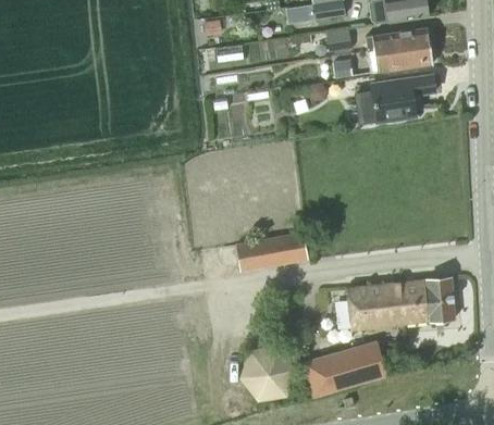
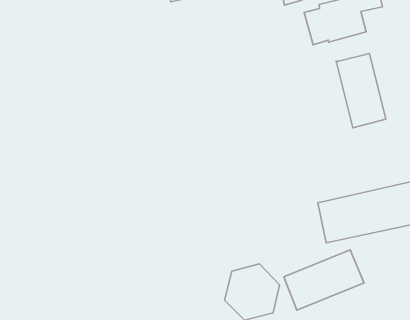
building: none -> [336,53,386,128]
building: [236,232,308,272] -> none

